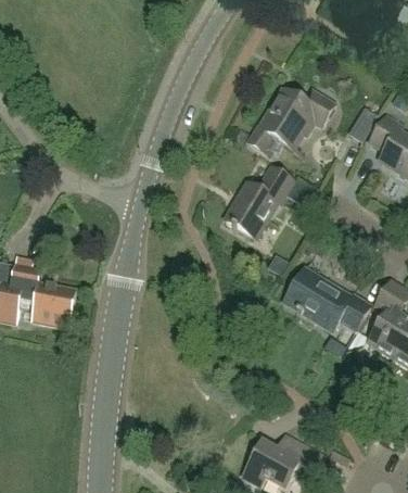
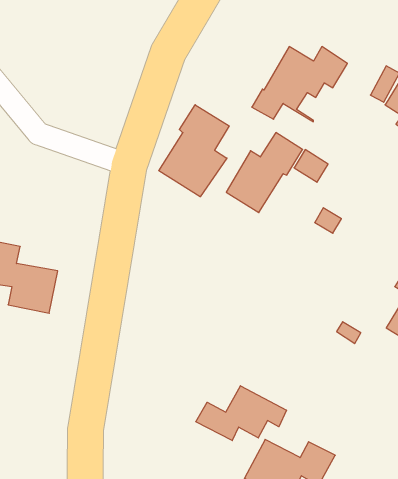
building: none -> [159,105,229,197]
building: [284,268,370,331] -> none
building: none -> [196,386,286,441]

